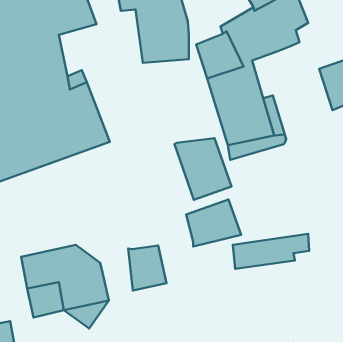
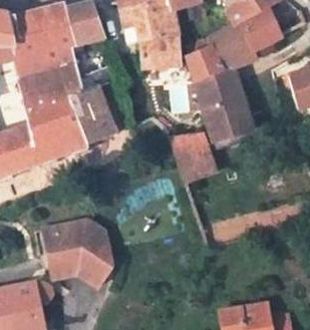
building: [186,199,241,246] -> none
building: [128,246,167,291] -> none

